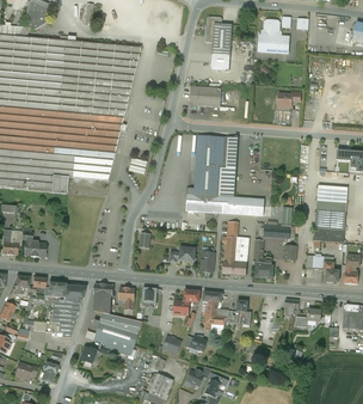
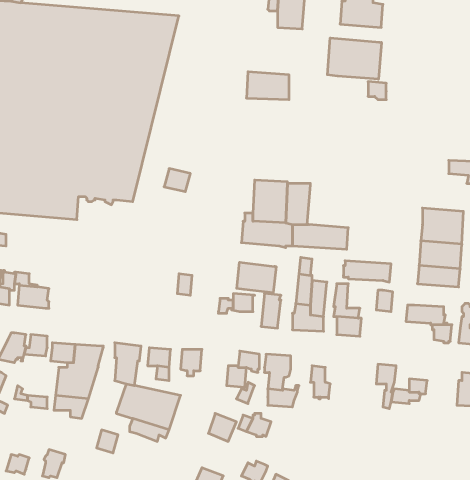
building: none -> [327,38,381,79]
building: [196,135,228,167] -> none
building: none -> [237,262,276,293]

